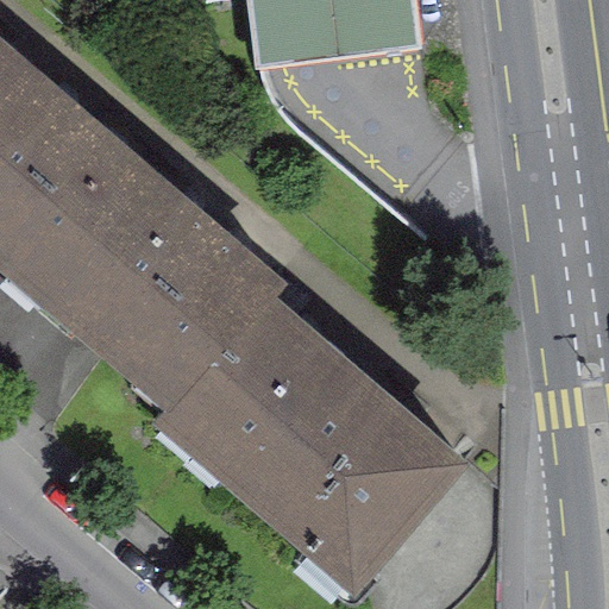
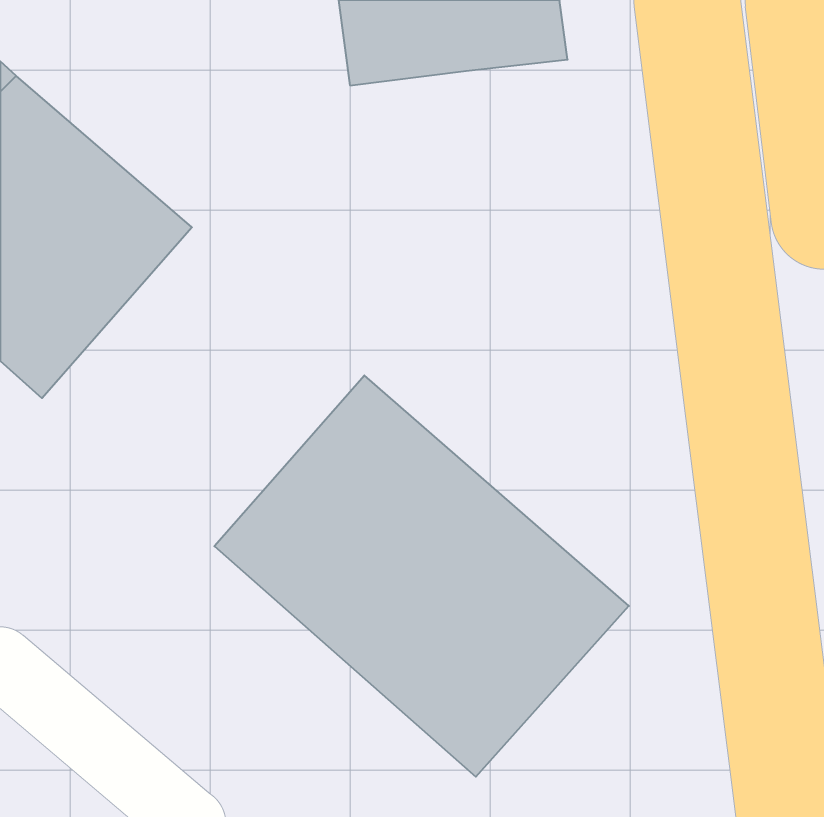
building: [31,172,269,408] -> none

